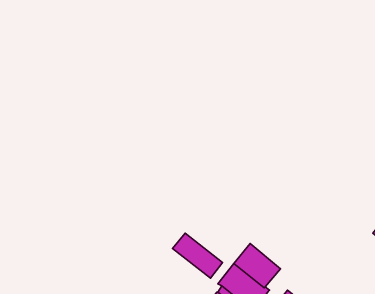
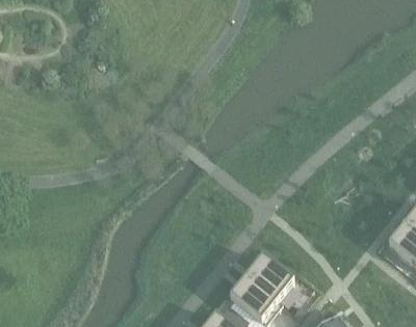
building: [172,233,222,278] -> none

